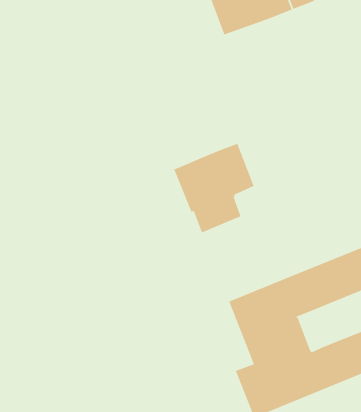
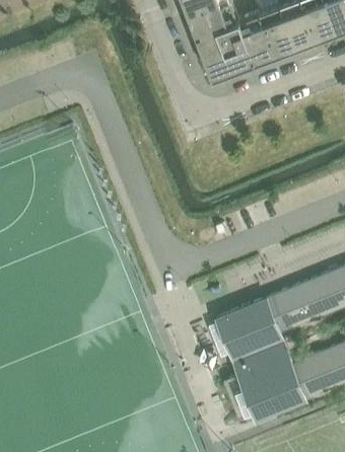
building: [173,143,258,233] -> none

